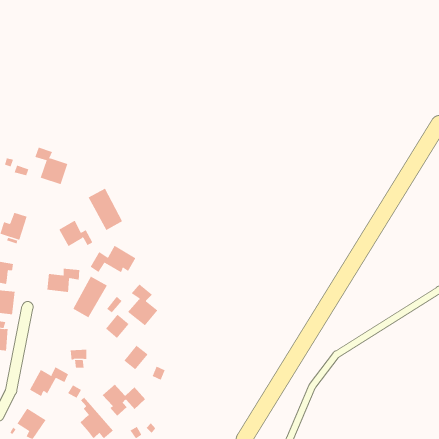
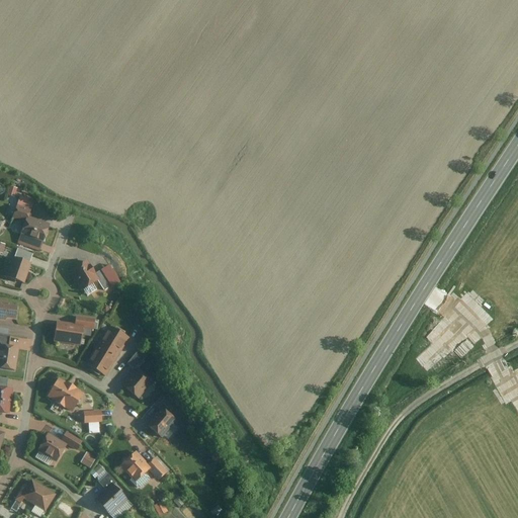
building: [35,147,68,185] -> [9,205,49,250]
building: [88,188,123,231] -> none
building: [90,245,136,273] -> none
building: [127,284,158,326] -> none
building: none -> [45,375,83,412]

